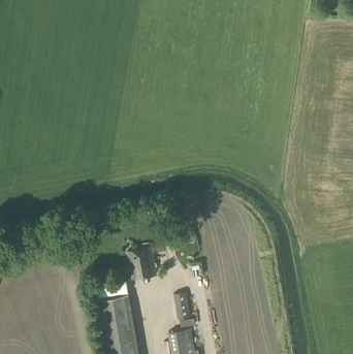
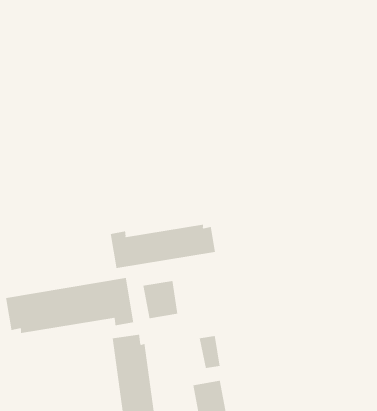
building: none -> [110,224,215,269]
building: none -> [5,277,134,334]

